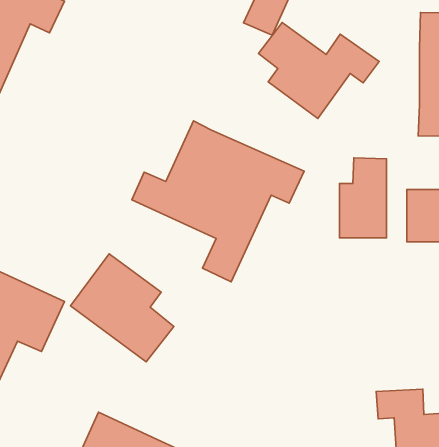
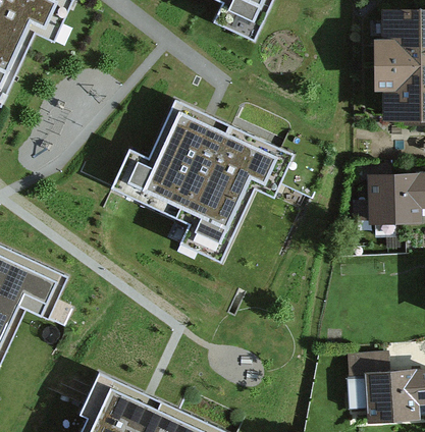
building: [259,22,379,119] -> none
building: [340,158,386,238] -> none
building: [70,254,174,362] -> none

